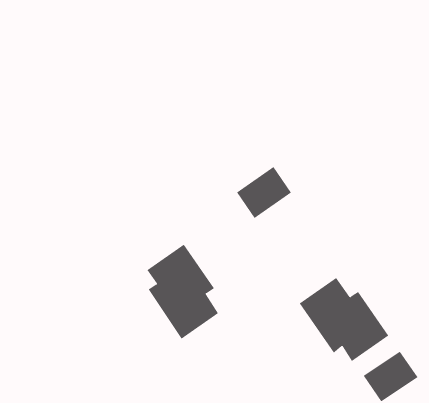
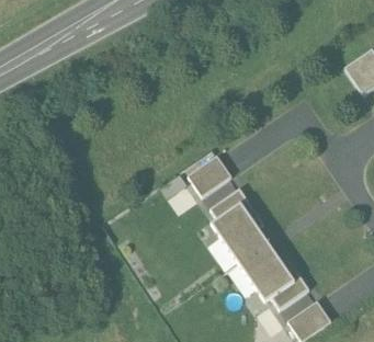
building: [147,244,219,340] -> [209,187,267,263]

